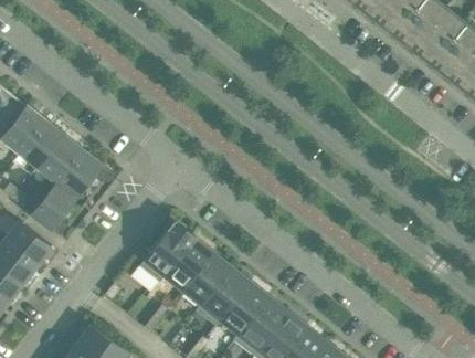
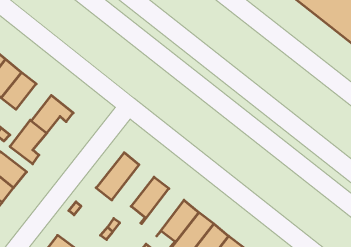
building: [40,135,84,181] -> none
building: [160,236,213,288] -> none
building: [198,266,251,326] -> none

